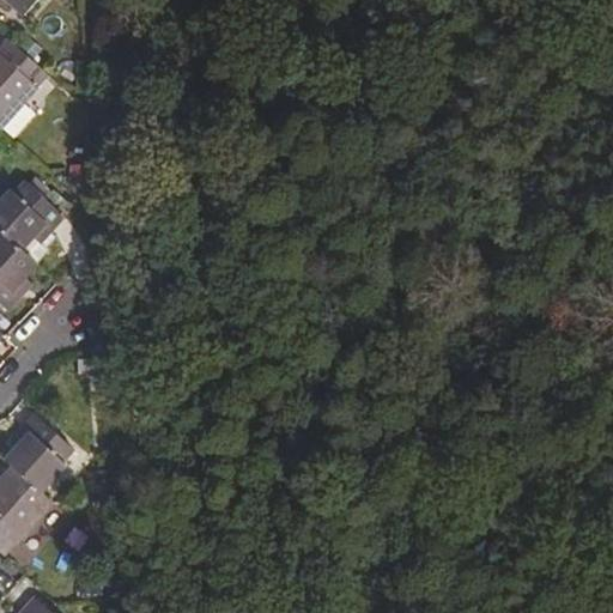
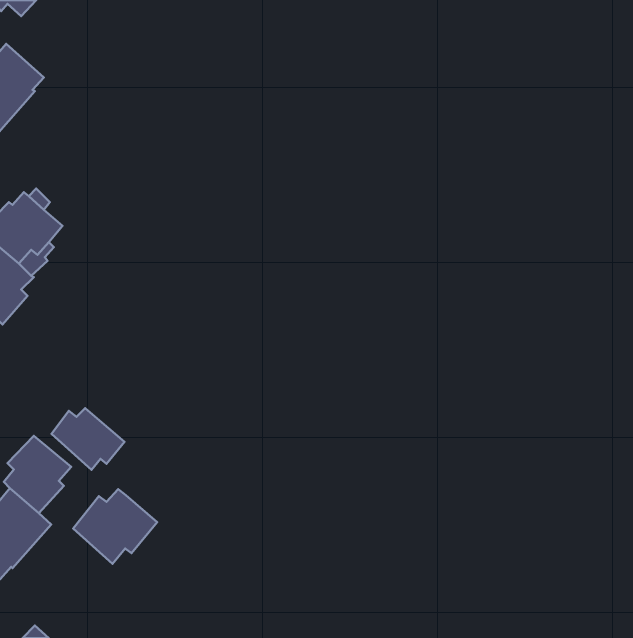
building: none -> [51,408,124,470]
building: none -> [73,489,157,564]

